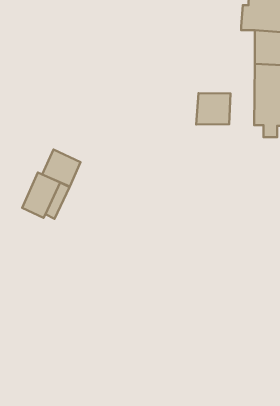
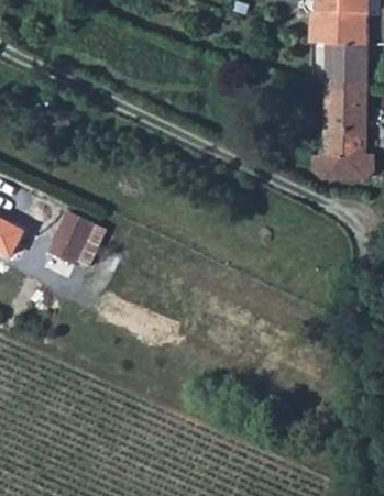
building: [196,93,230,124] -> none
building: [42,150,81,186] -> none

